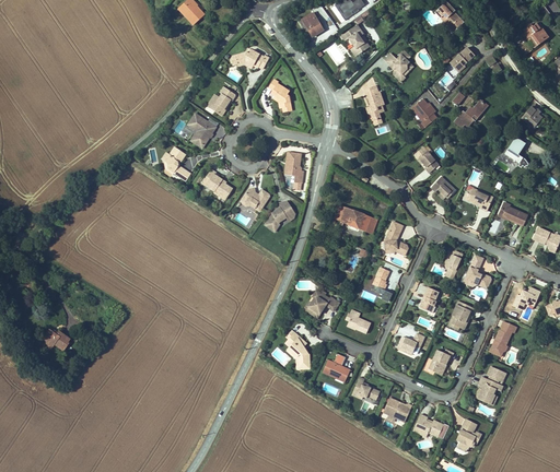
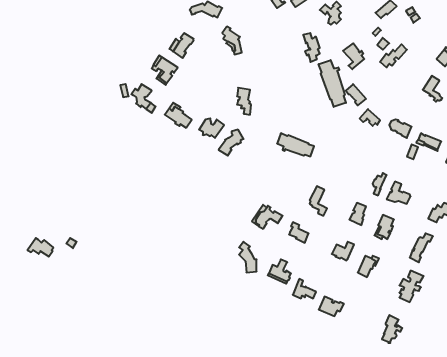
building: none -> [319,60,346,107]
building: [385,221,408,255] -> none
building: [415,413,450,438] -> none

